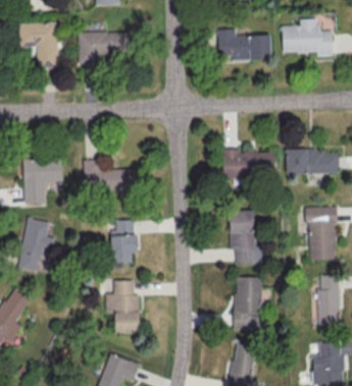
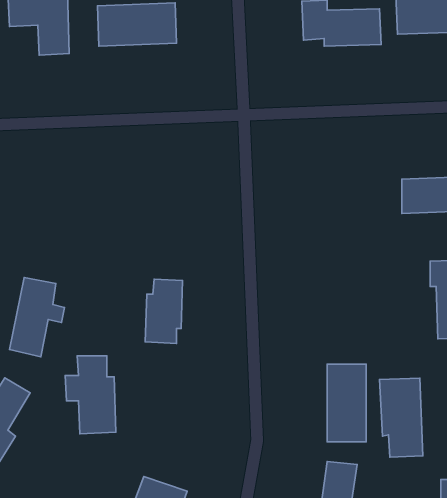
building: [222,149,275,176] -> none
building: [23,157,62,204] -> none
building: [85,159,136,192] -> none
building: [229,210,258,264] -> [379,378,423,457]
building: [105,280,140,333] -> [65,356,116,434]

